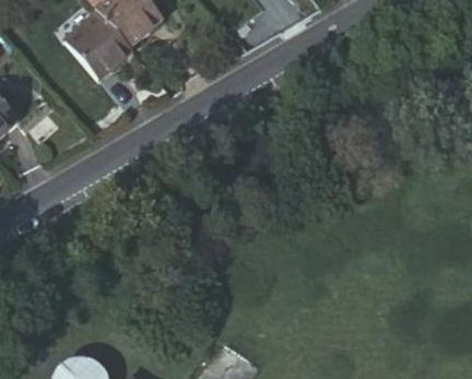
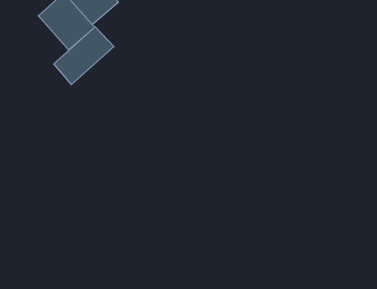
building: none -> [54,27,114,85]

